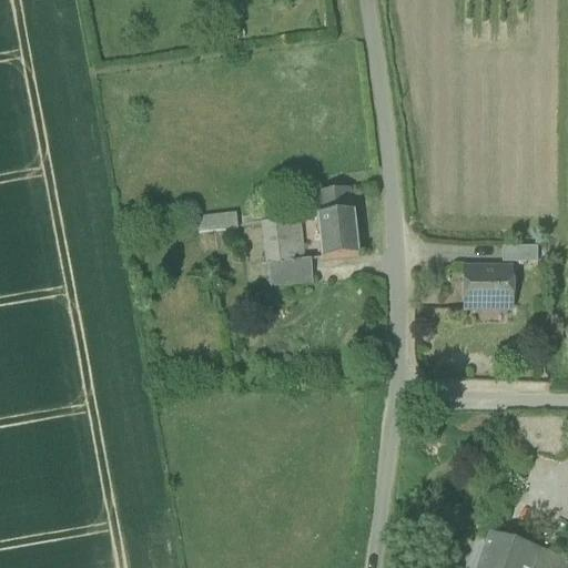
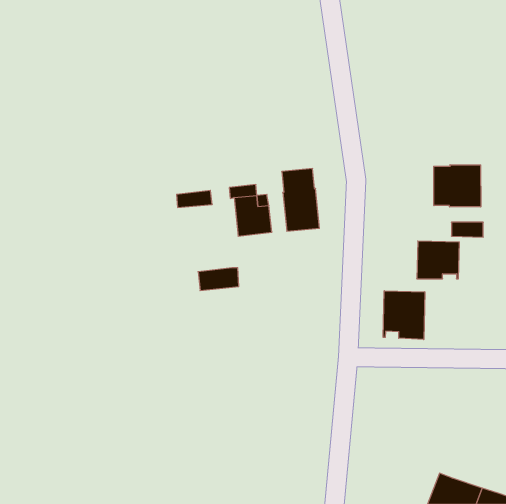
building: none -> [434,165,481,207]
building: [267,260,313,285] -> [198,268,239,291]
building: none -> [383,291,425,340]

